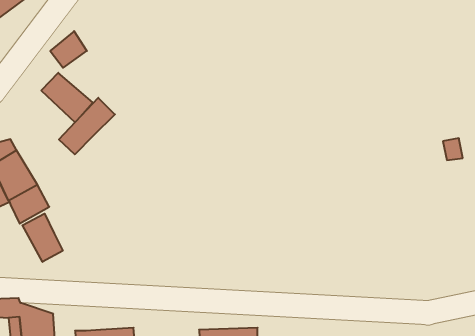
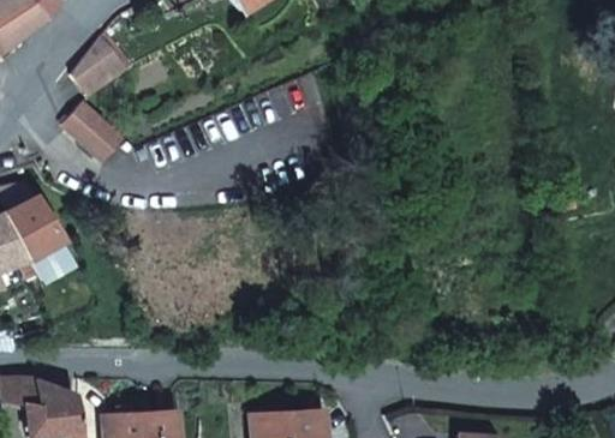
building: [59,98,115,154] -> none
building: [22,214,63,262] -> none

